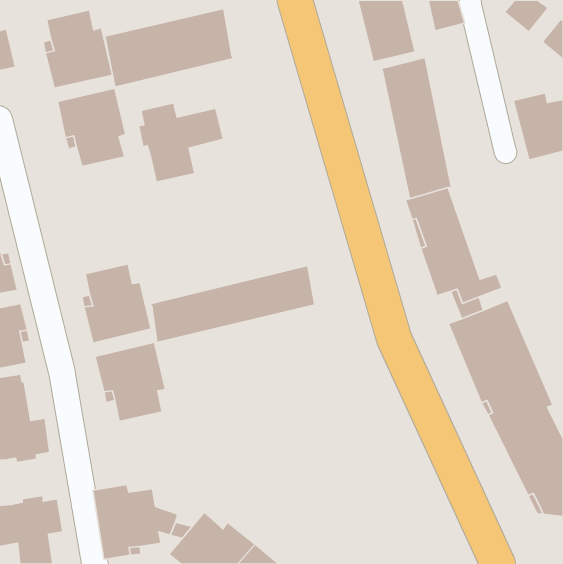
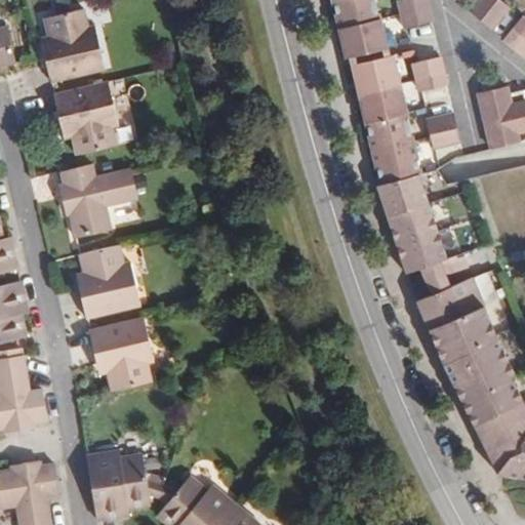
building: [105,9,233,87] -> none
building: none -> [412,57,446,91]
building: [138,103,223,182] -> [58,164,137,238]
building: none -> [426,114,460,149]
building: [150,265,315,343] -> none

